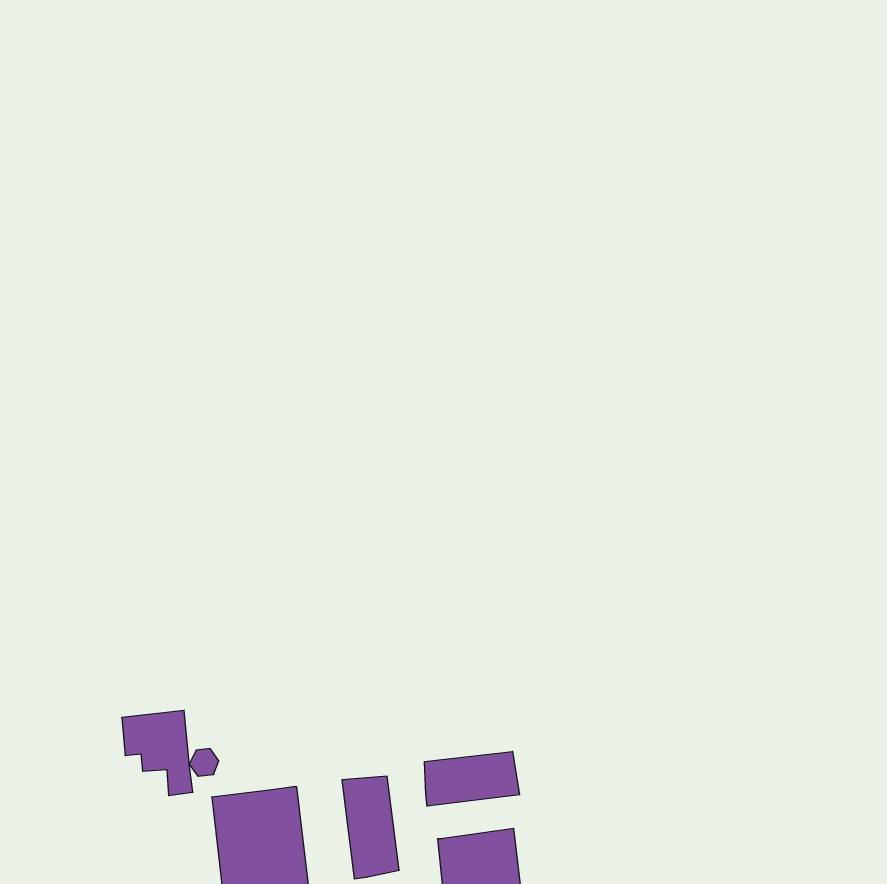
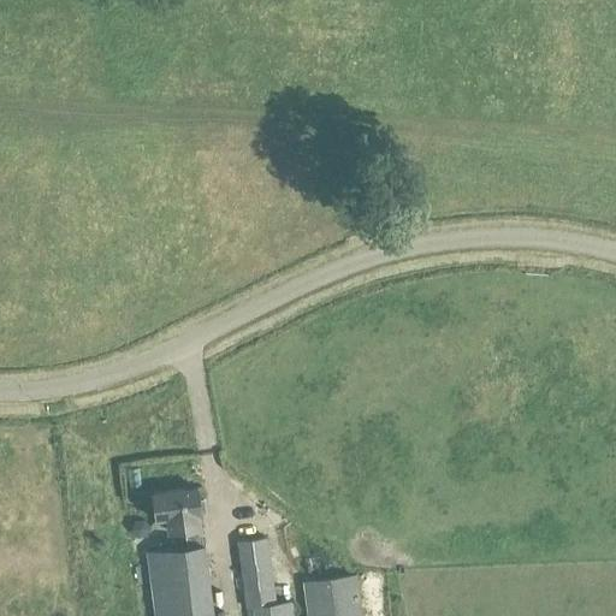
building: [122,710,193,796] -> [154,491,203,550]
building: [425,751,520,806] -> none

